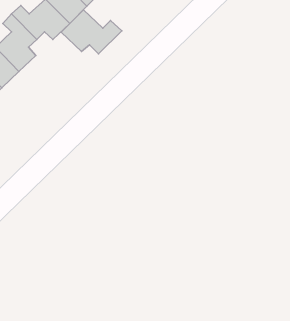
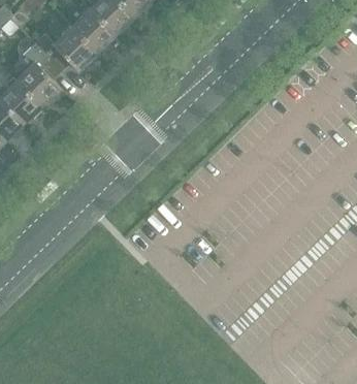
building: [61,10,122,54] -> none

